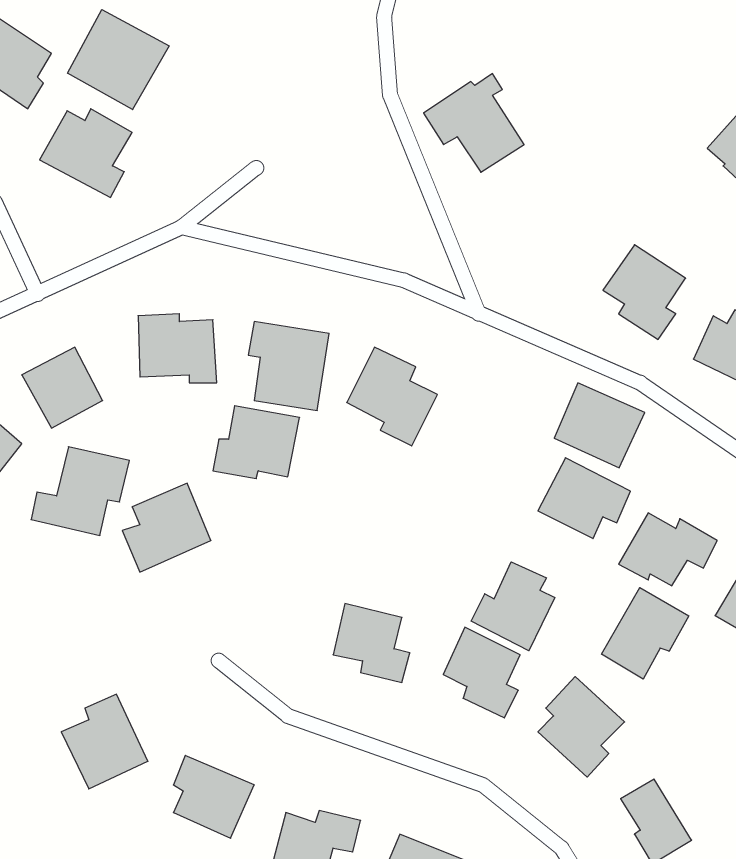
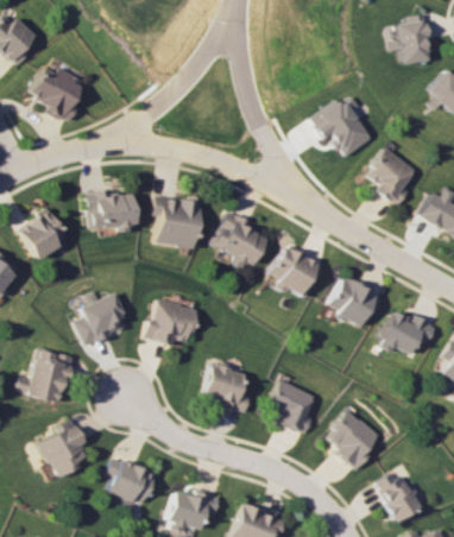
building: [68,10,169,110] -> none
building: none -> [390,14,433,64]
building: [424,74,524,172] -> [311,96,372,156]
building: [554,383,645,468] -> [271,246,326,297]
building: [213,406,300,479] -> [147,299,200,343]
building: [31,447,129,535] -> [19,348,78,402]
building: [471,562,555,651] -> none
building: [602,588,689,679] -> none

